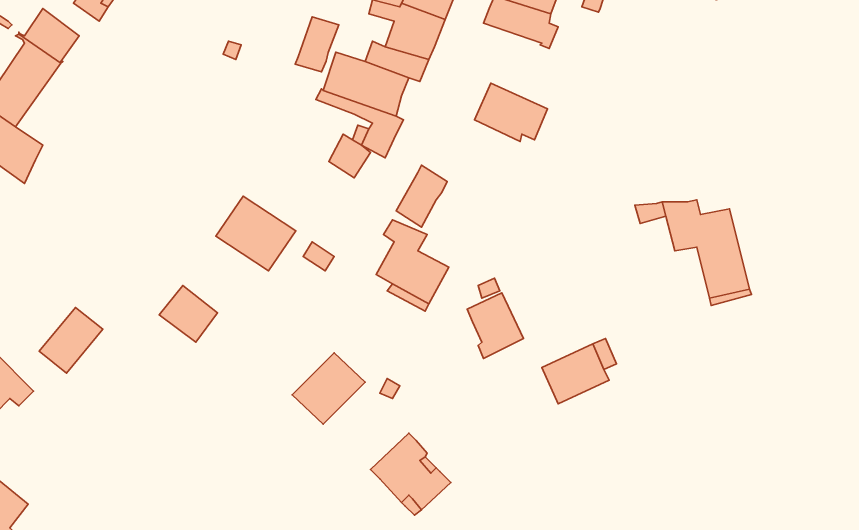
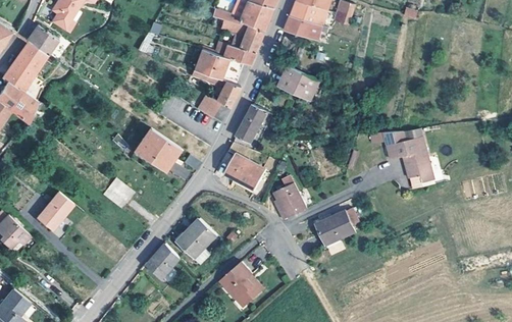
building: [295,17,339,72] -> none
building: none -> [146,244,178,278]

